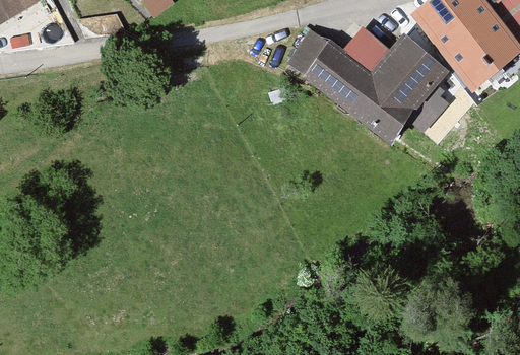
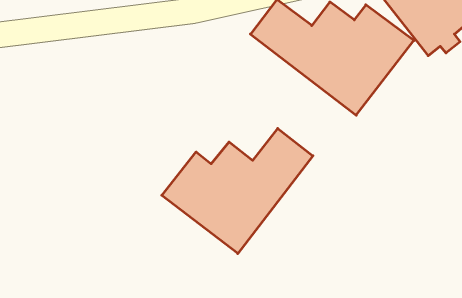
building: none -> [162,128,313,254]

